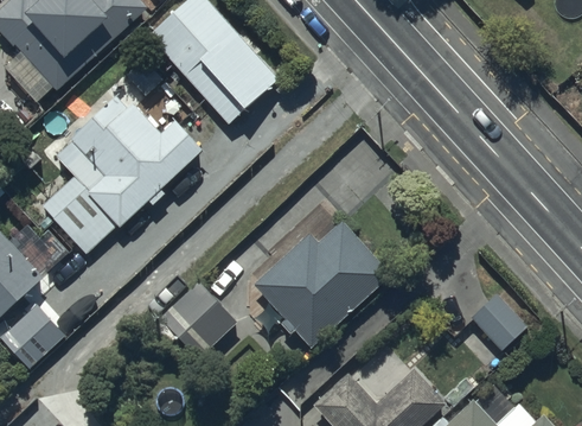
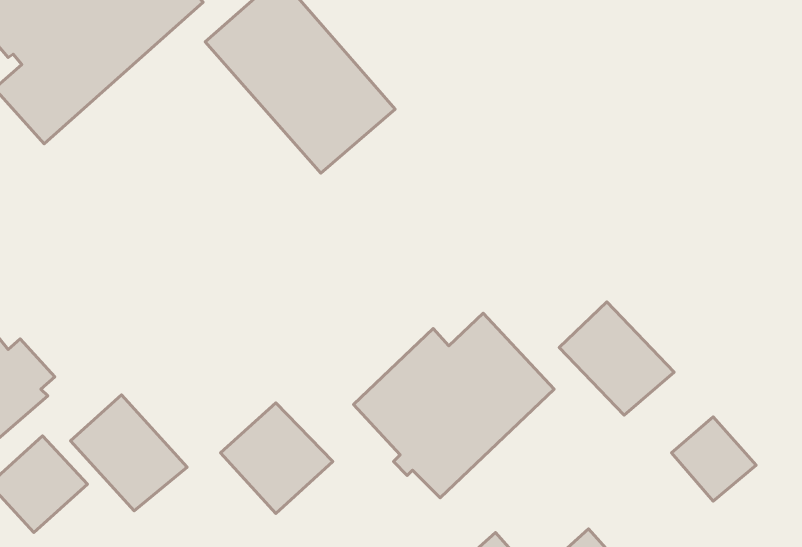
building: [44,80,204,254] -> none
building: none -> [559,302,674,415]
building: none -> [71,395,187,511]

